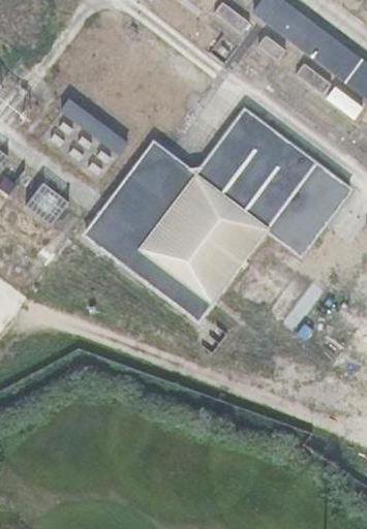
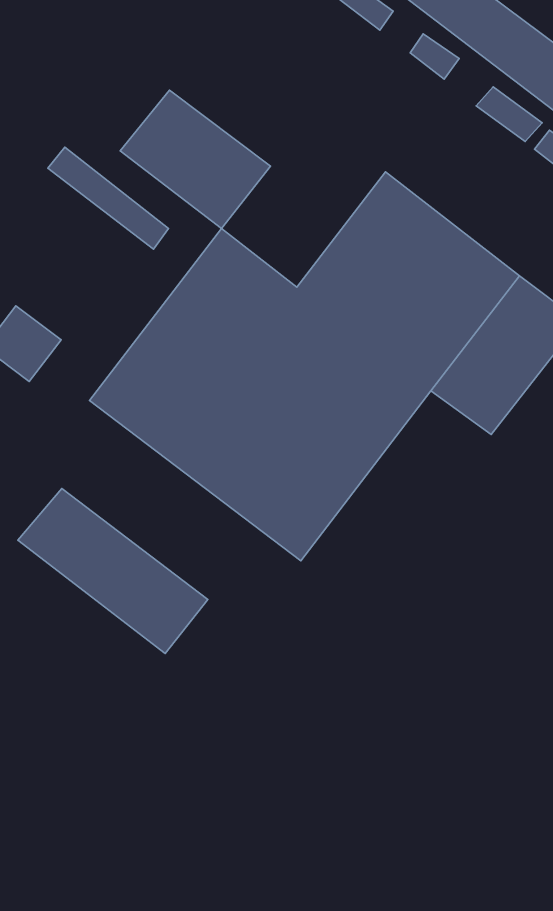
building: none -> [120,90,270,229]
building: none -> [18,488,208,653]

